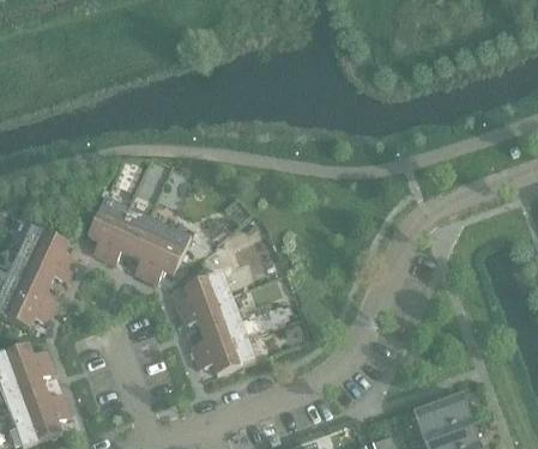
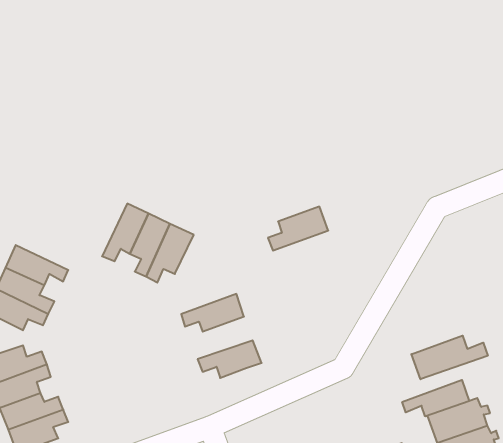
building: [87,198,127,257] -> none
building: [20,225,77,271] -> none
building: [174,271,231,313] -> [268,207,328,251]
building: [189,315,247,356] -> none
building: none -> [411,336,488,379]
building: none -> [402,380,469,416]

